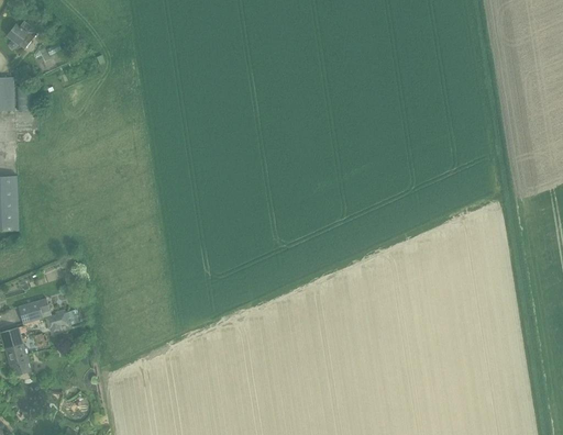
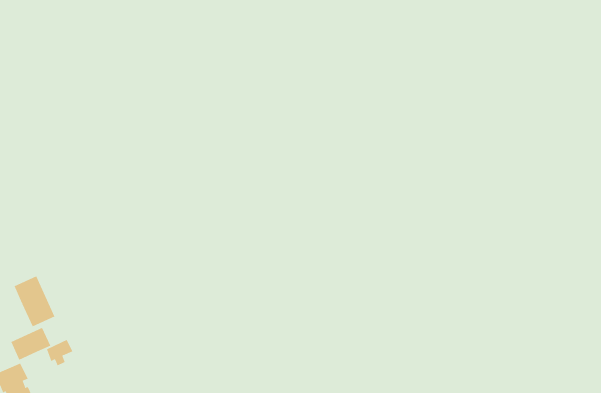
building: none -> [14,275,55,327]

